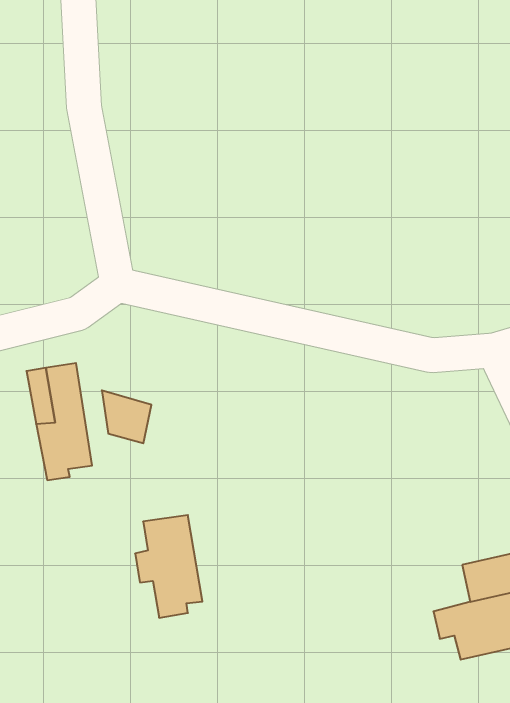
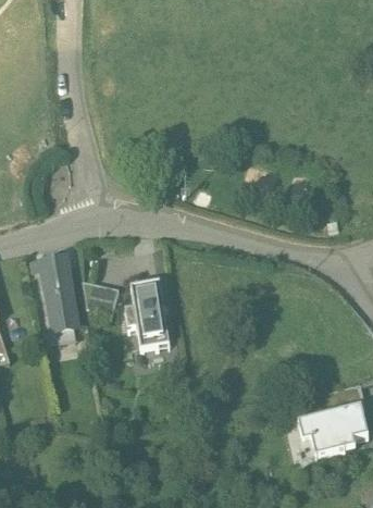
building: [135,515,202,618] -> [125,282,171,351]

